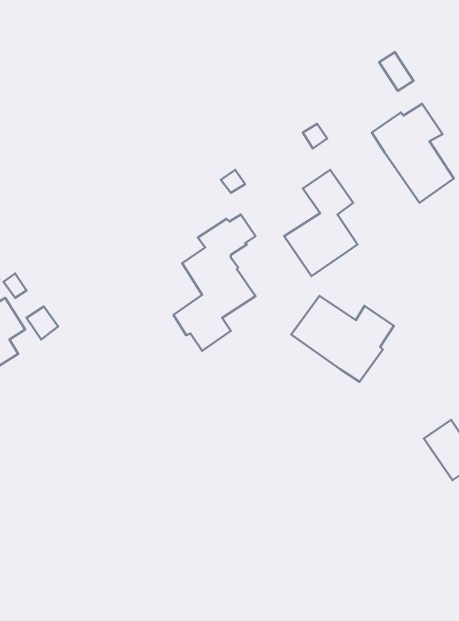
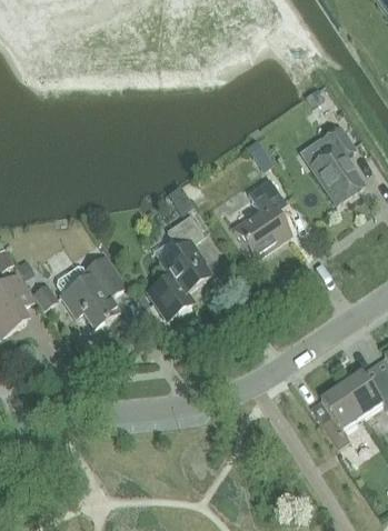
building: none -> [57,253,123,325]
building: [291,296,394,382] -> none
building: none -> [319,384,362,447]

